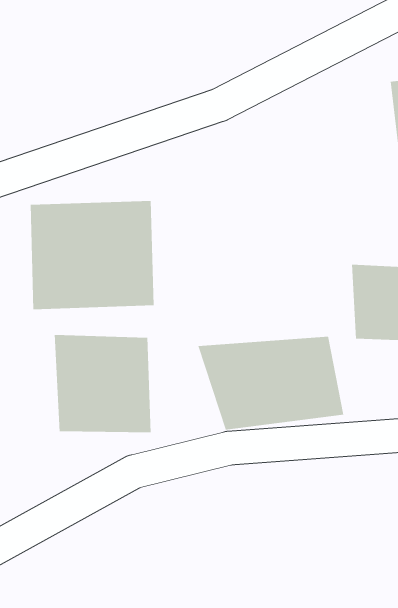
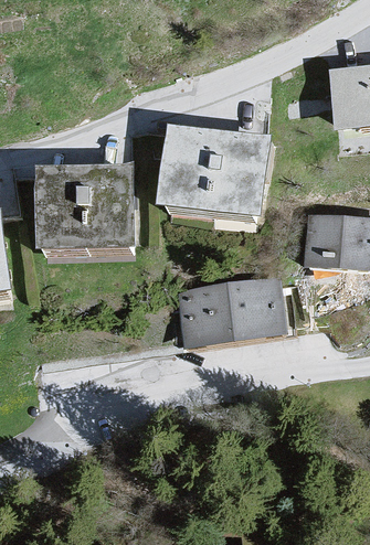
building: none -> [159,129,271,222]
building: [54,334,151,433] -> none

